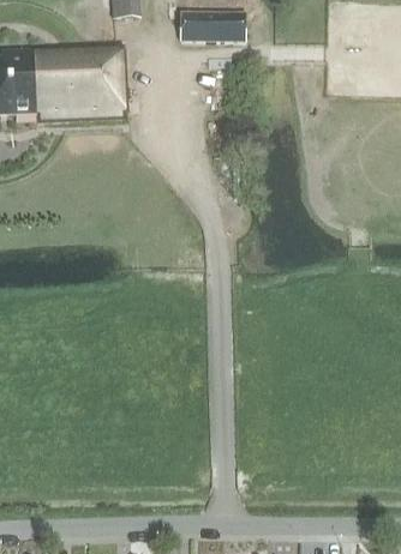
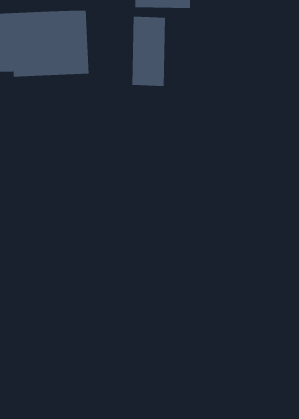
building: none -> [132,16,166,87]

